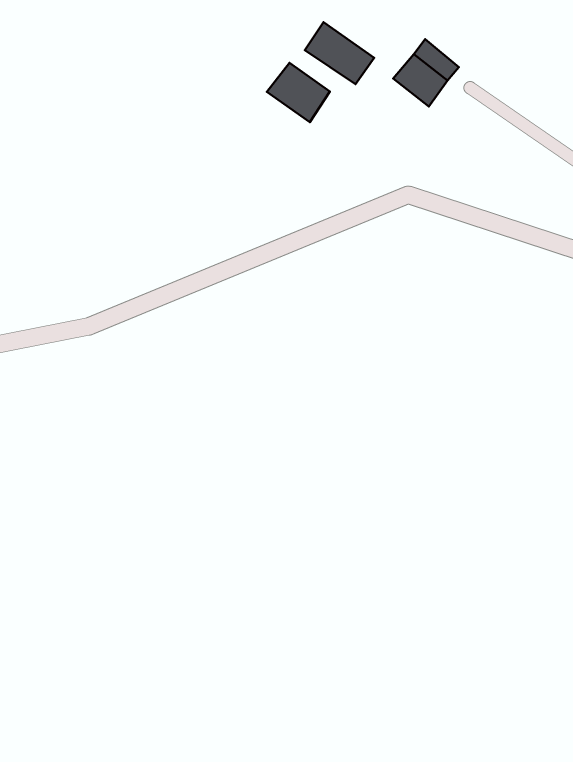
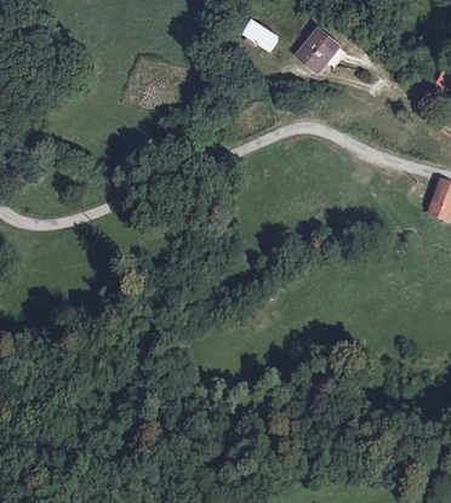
building: [267,63,330,122] -> none

